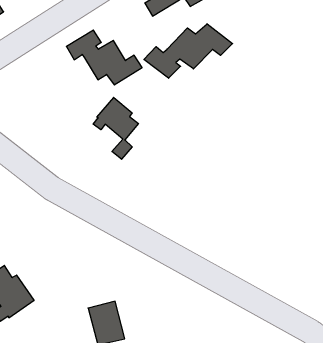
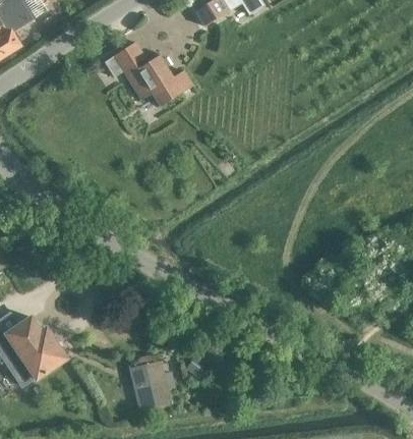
building: [144,24,233,78] -> none
building: [93,97,138,159] -> none

